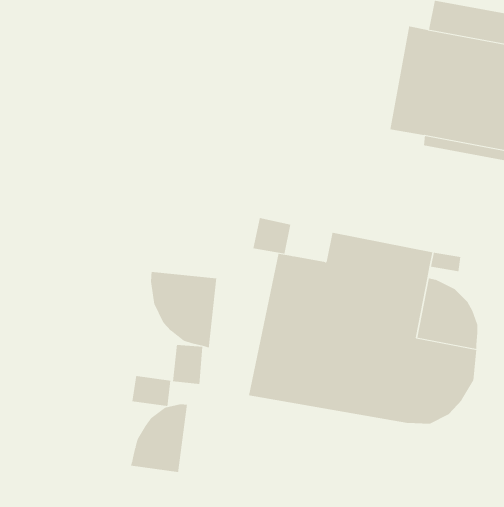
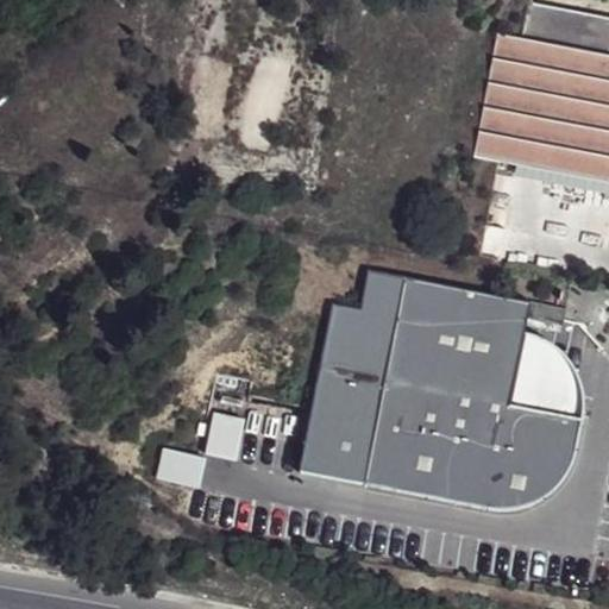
building: [252,217,291,254] -> [356,269,402,313]
building: [150,271,217,349] -> none
building: [131,403,188,473] -> none

